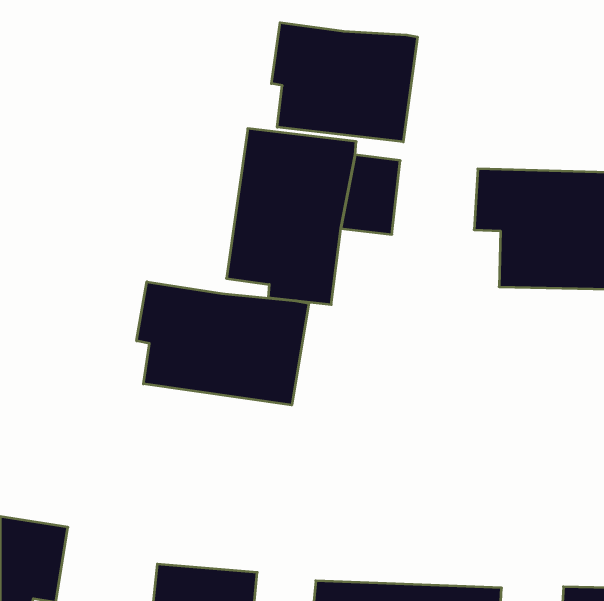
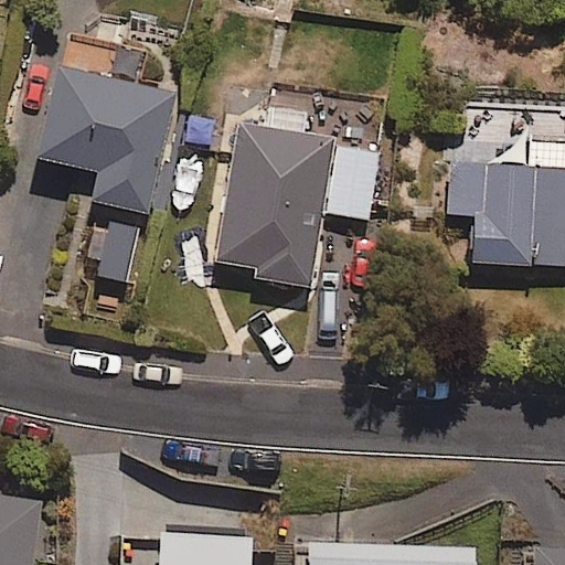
building: [271,23,417,142] -> none
building: none -> [38,62,179,211]
building: [137,282,309,405] -> none

